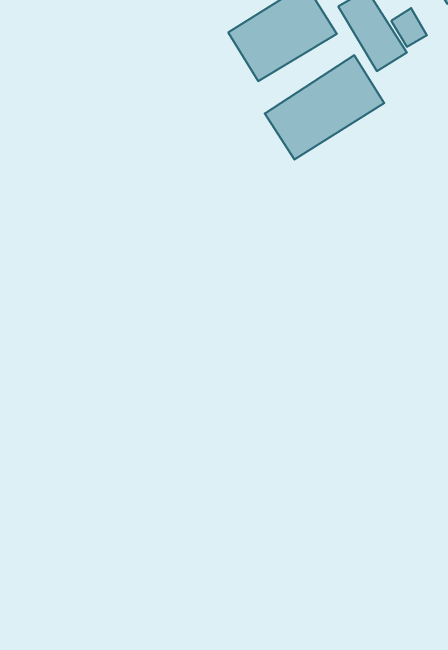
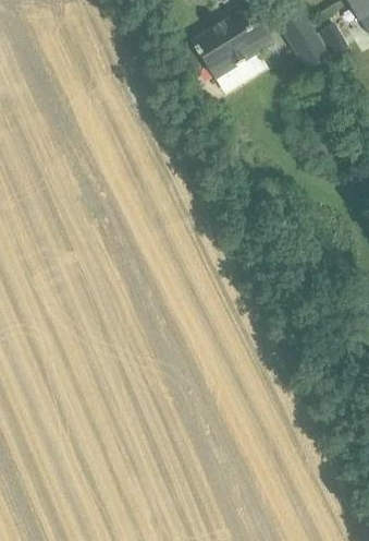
building: [265,55,384,160] -> none

